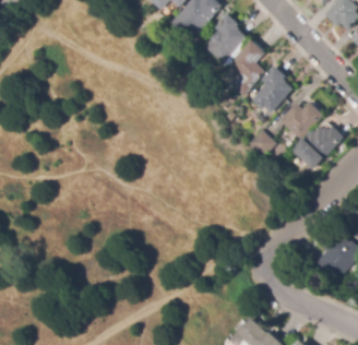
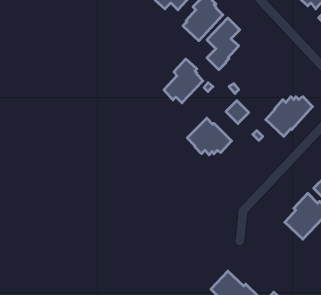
building: [250,64,293,112] -> [164,59,203,103]
building: [278,100,324,141] -> none
building: none -> [187,118,232,155]

